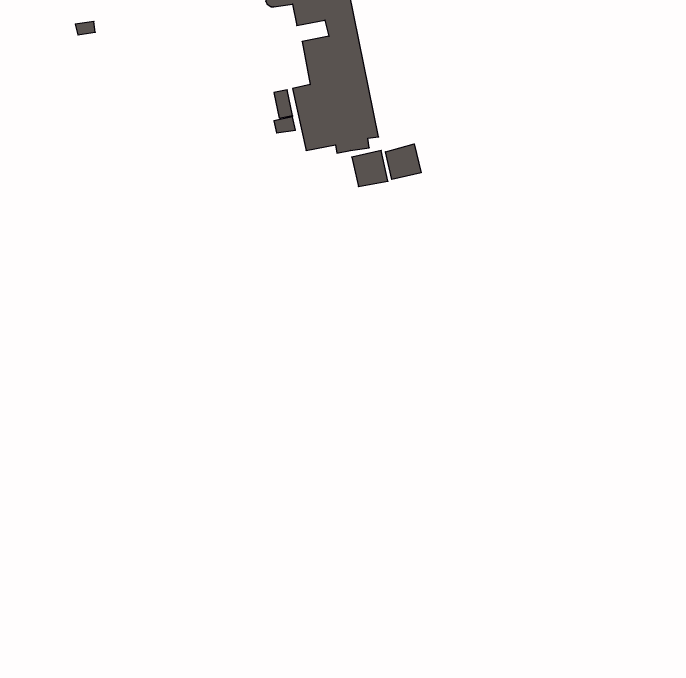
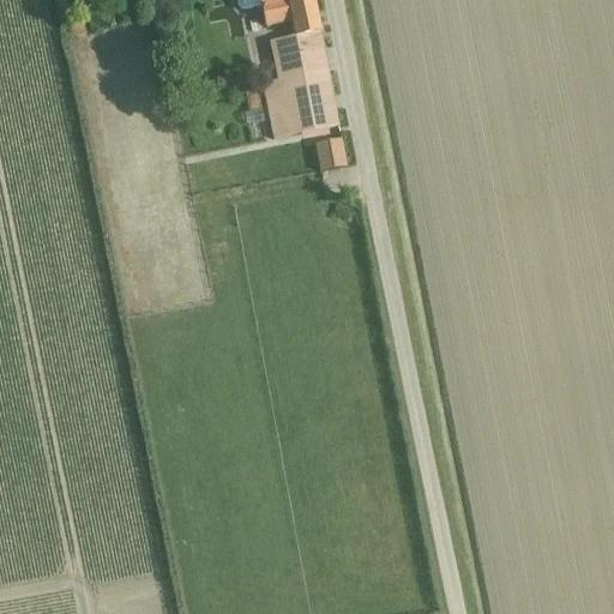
building: [385,144,421,179] -> none

